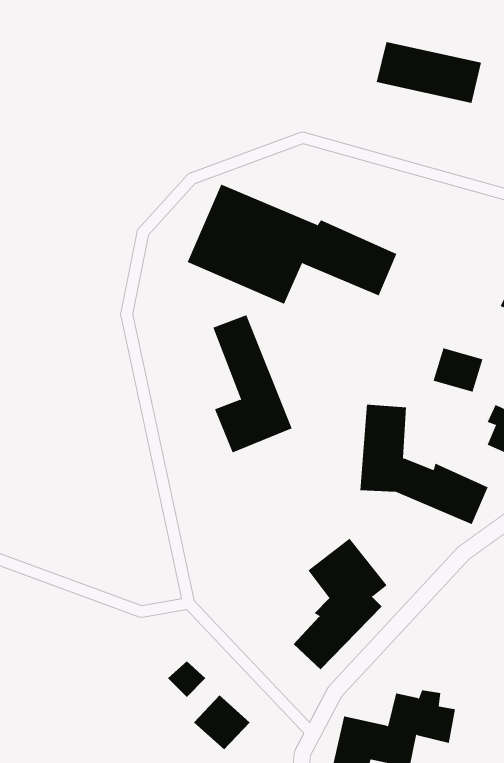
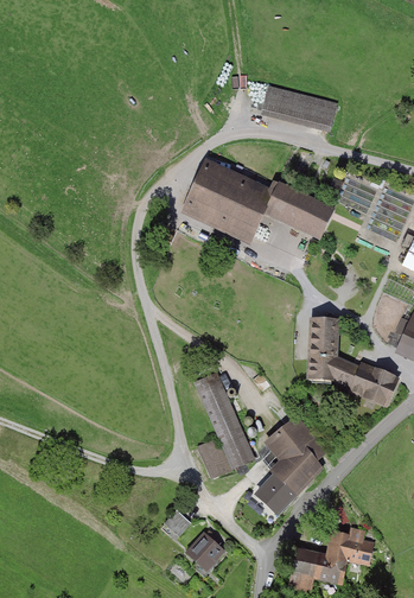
building: [376,41,482,103] -> [260,87,337,132]
building: [213,314,292,453] -> [196,377,254,478]
building: [433,347,483,392] -> none

